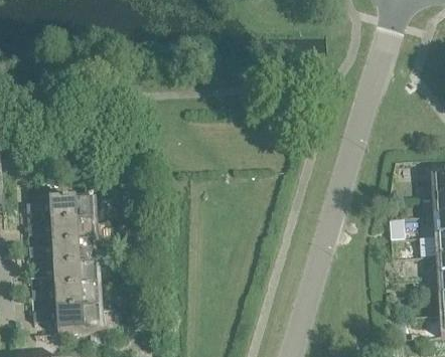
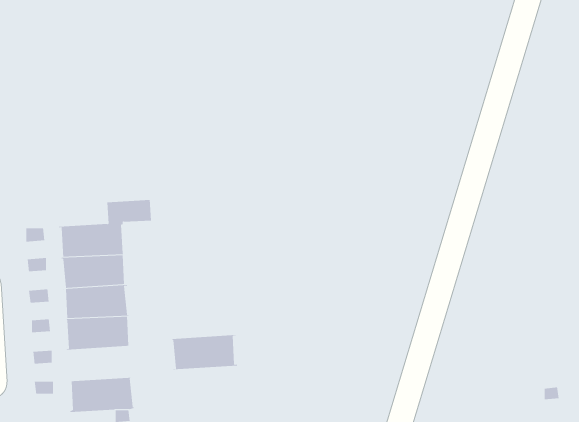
building: [53,281,101,306] -> [171,334,238,370]

